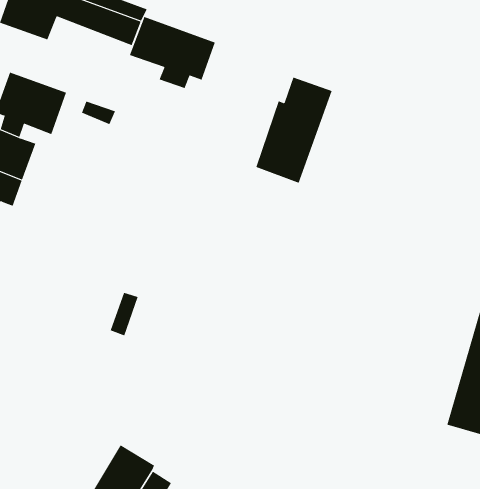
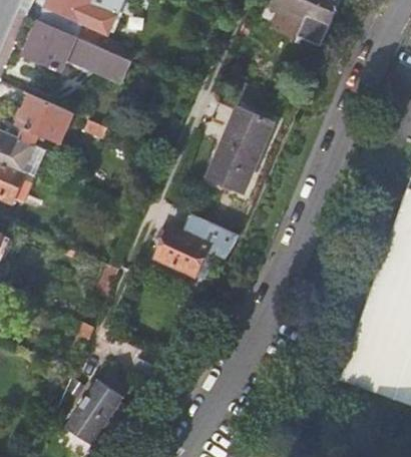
building: [129,16,215,89] -> none
building: none -> [154,213,235,278]

